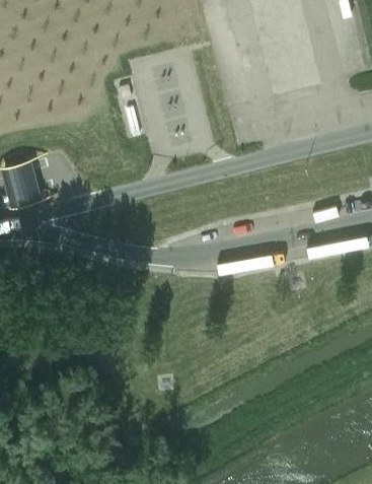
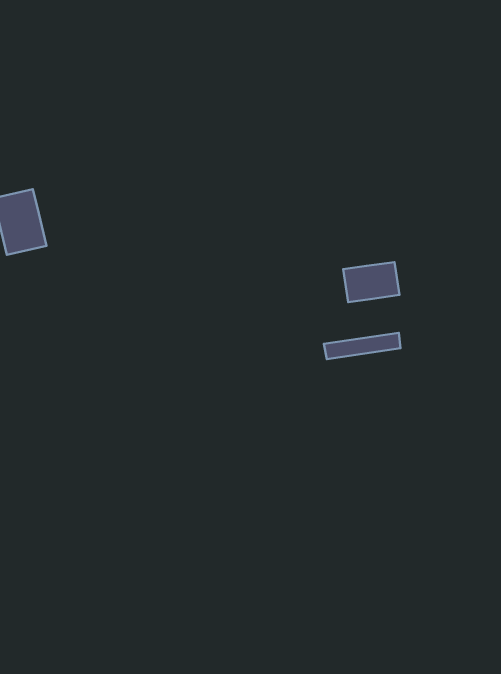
building: none -> [343,262,399,302]

